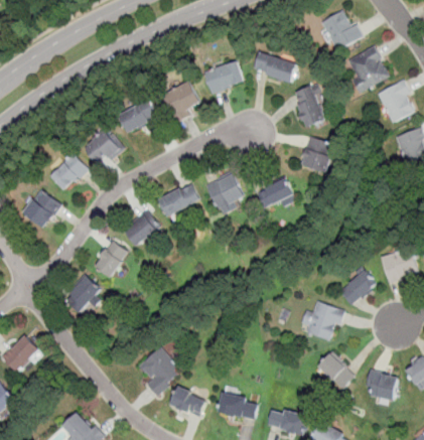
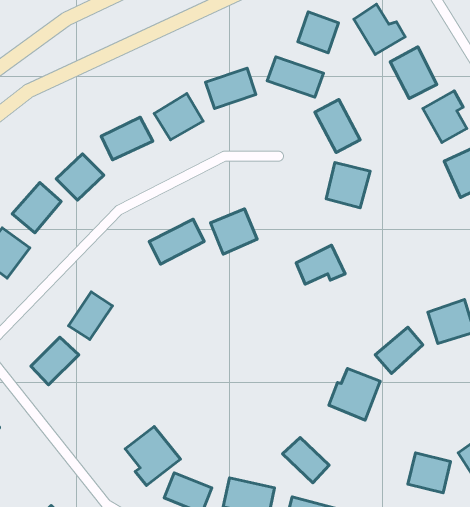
building: none -> [298,12,338,53]
building: [255,177,294,208] -> [296,245,345,284]
building: [122,210,159,247] -> none
building: [317,352,355,389] -> [283,438,329,483]

